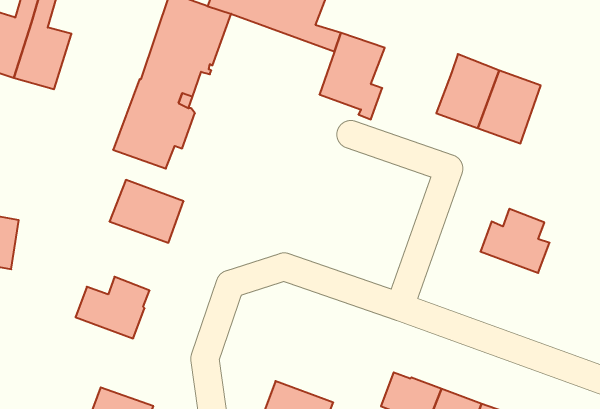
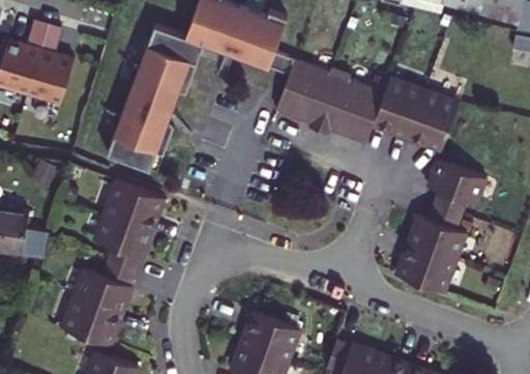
building: none -> [319,67,385,143]
building: none -> [429,161,485,215]
building: none -> [95,214,152,271]
building: none -> [396,239,457,292]
building: none -> [63,293,123,345]
building: none -> [240,312,300,364]

